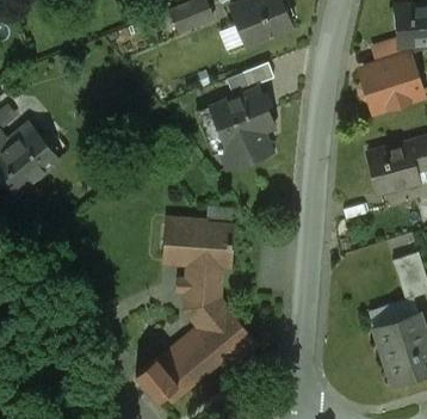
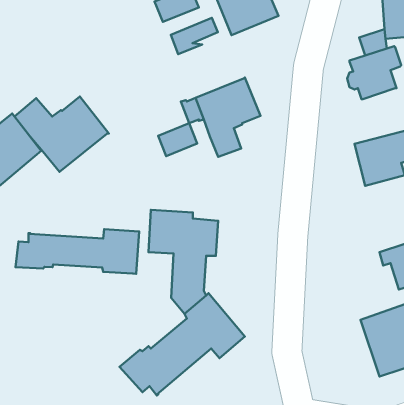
building: [227,62,273,98] -> [171,18,218,54]
building: none -> [14,97,109,172]
building: none -> [158,123,197,156]
building: none -> [15,229,139,274]

